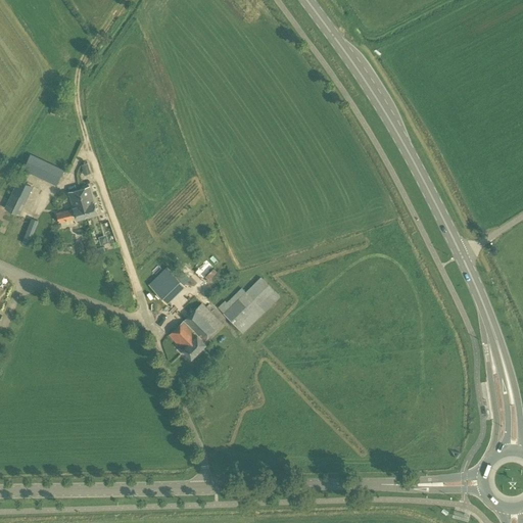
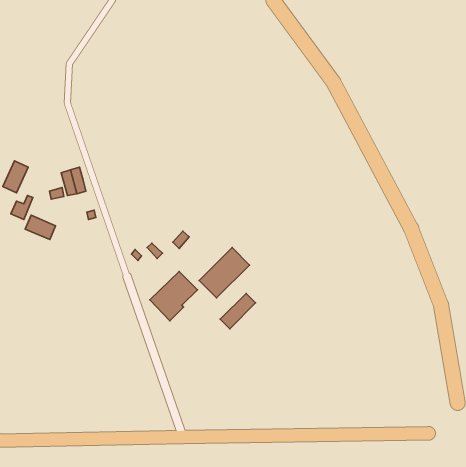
building: [22,154,62,184] -> none
building: none -> [25,215,56,240]
building: none -> [220,293,256,329]

